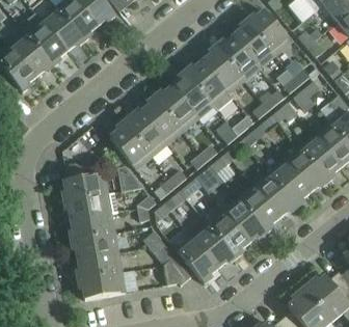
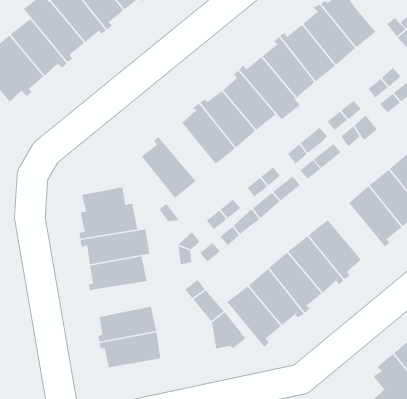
building: [124,111,167,156] -> none
building: [253,172,297,216] -> none
building: [71,233,118,260] -> none

